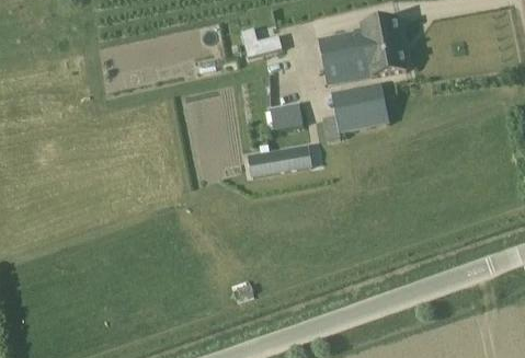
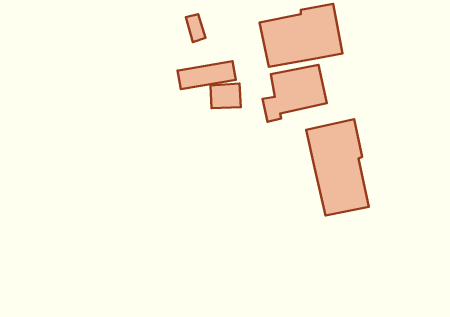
building: none -> [306,119,369,215]
building: [251,146,312,175] -> [178,61,236,89]

